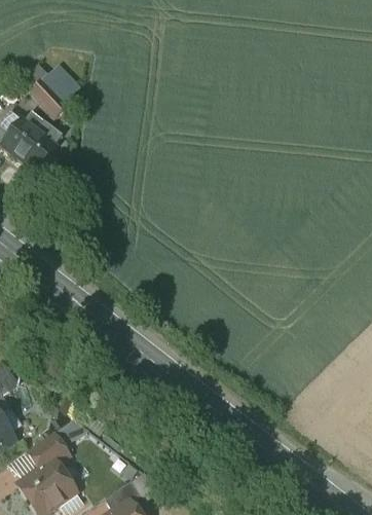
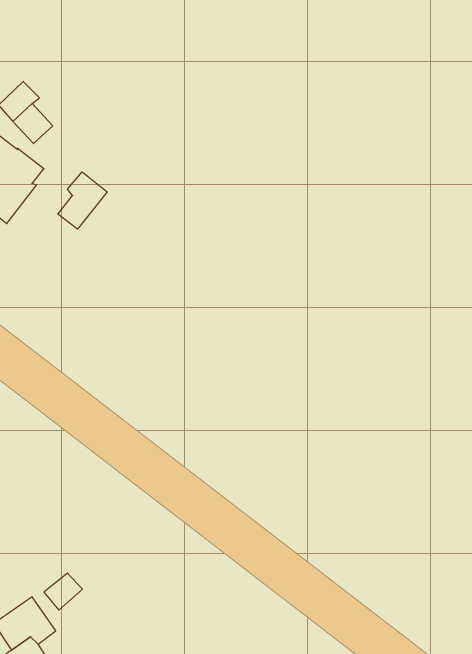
building: none -> [58,172,107,229]

